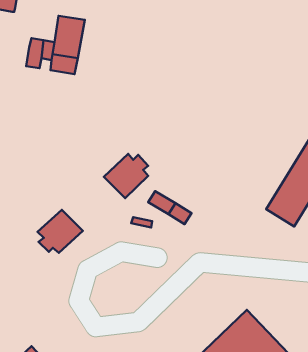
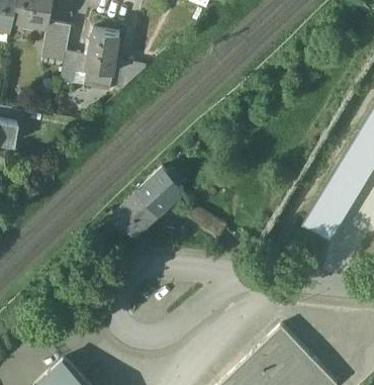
building: none -> [41,22,70,62]
building: [38,210,83,253] -> [114,192,160,235]

